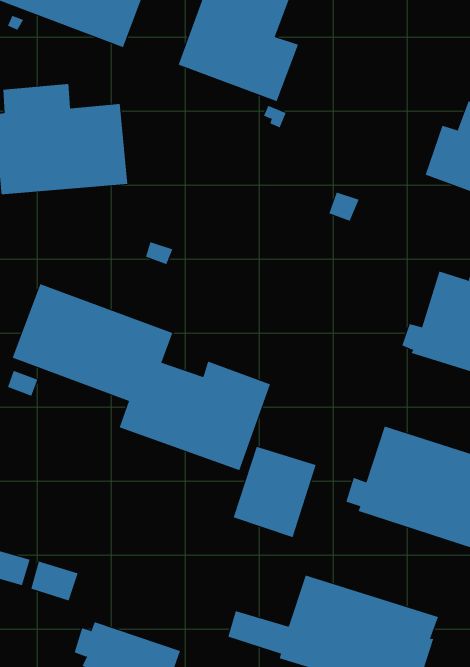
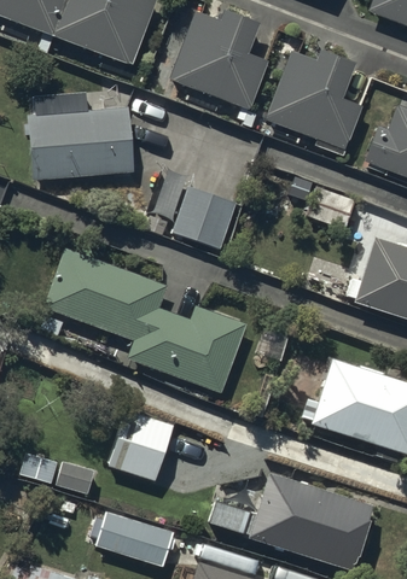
building: none -> [264,49,360,148]
building: none -> [171,186,234,248]
building: [233,446,317,538] -> [109,411,174,482]

